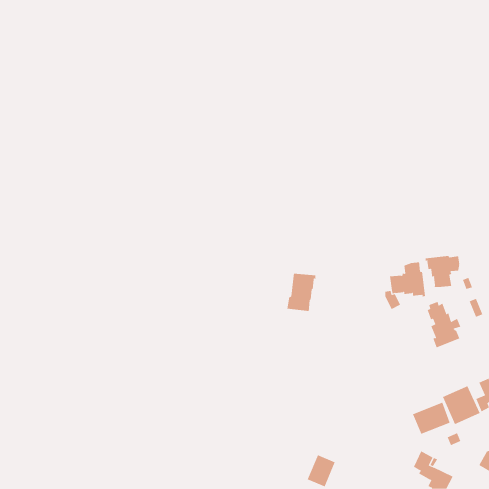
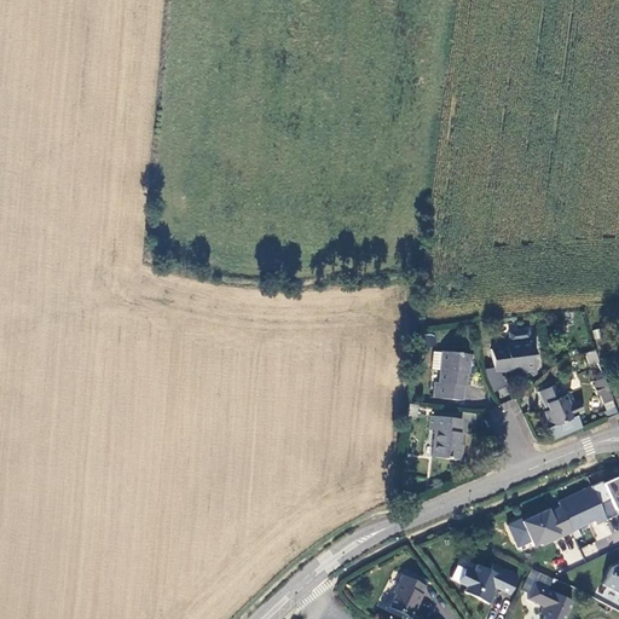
building: [425,255,460,288] -> none
building: [287,273,316,312] -> [435,352,473,400]
building: none -> [432,416,465,459]
building: none -> [459,563,519,602]

